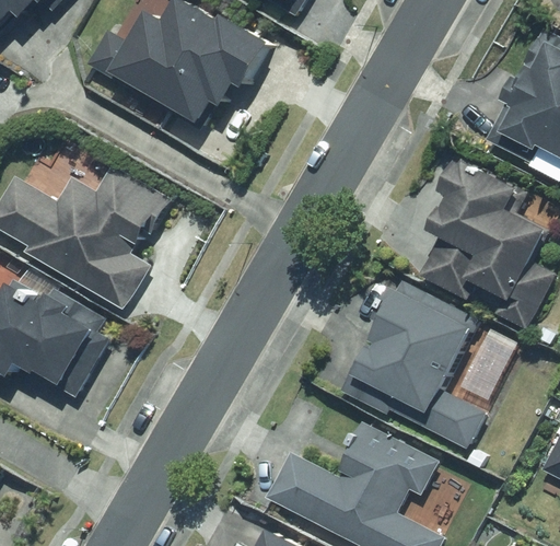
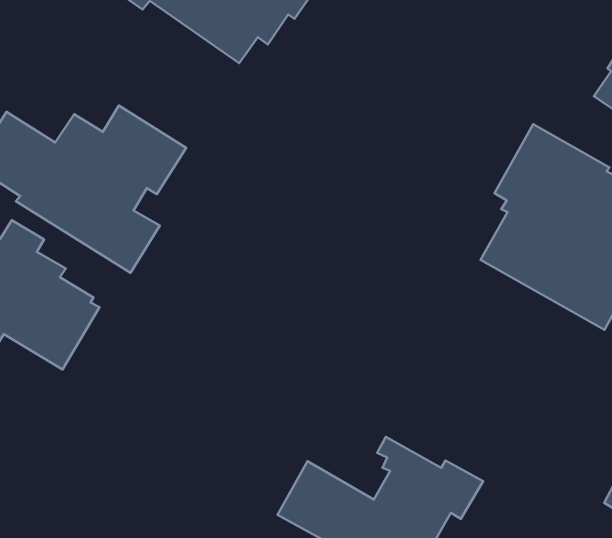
building: [355,284,481,448] -> none
building: [458,328,515,402] -> none

